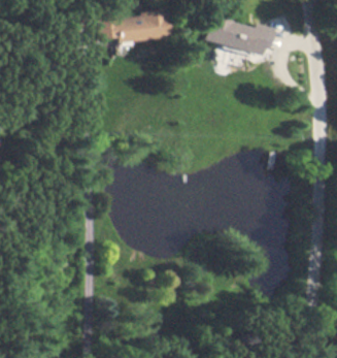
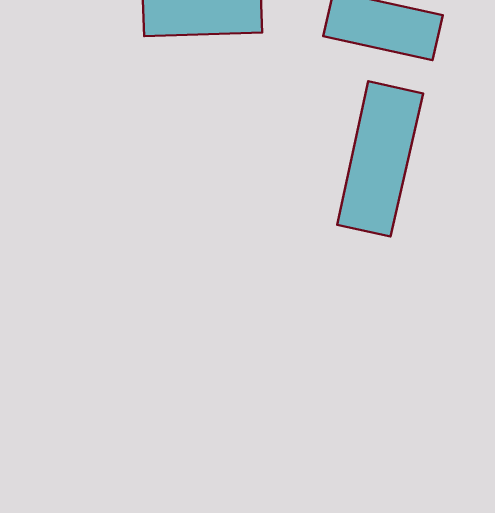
building: none -> [337,81,423,237]

